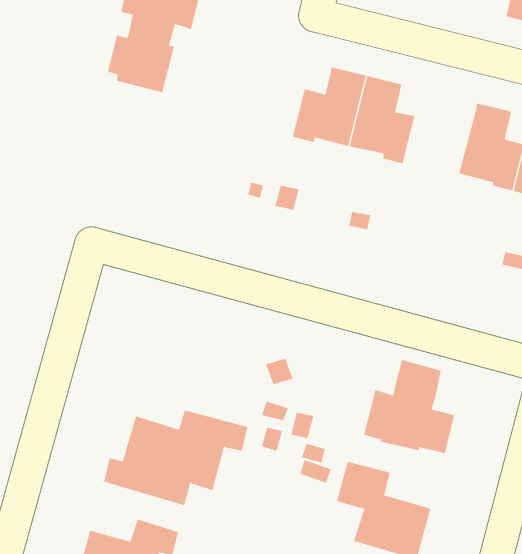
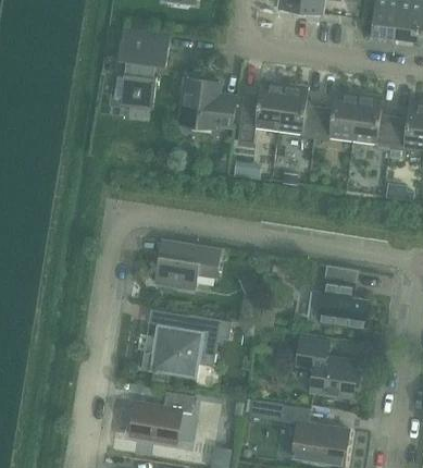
building: none -> [179,78,237,130]
building: none -> [315,89,359,140]
building: none -> [155,239,222,290]

